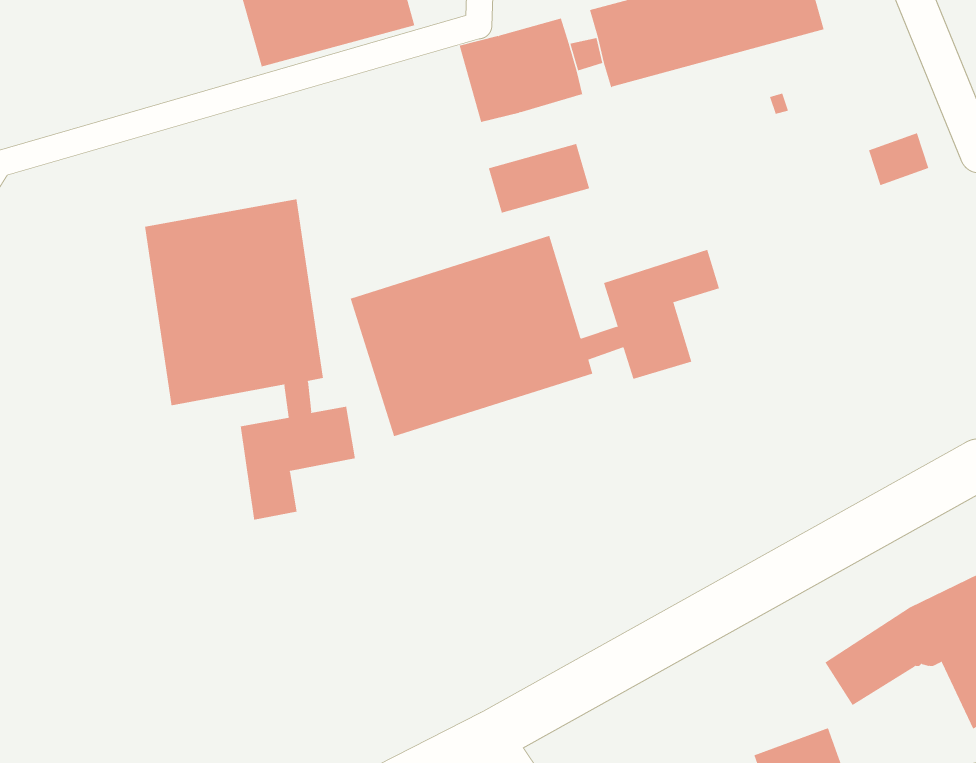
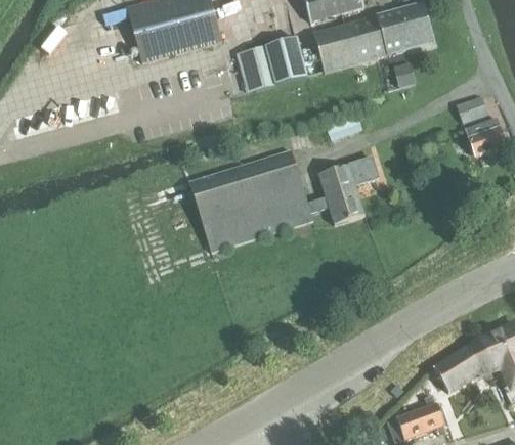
building: [488,143,590,214] -> none
building: none -> [465,116,508,155]
building: [144,199,355,520] -> none

